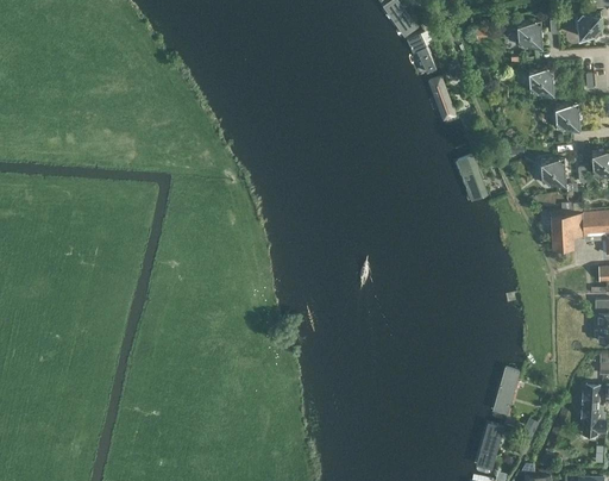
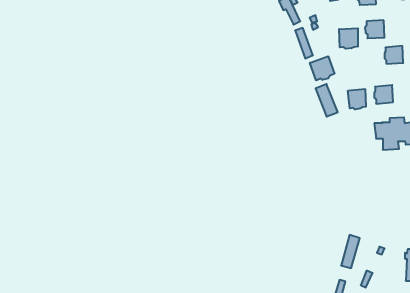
building: none -> [339,28,358,49]
building: none -> [310,56,334,80]
building: none -> [348,89,366,109]

